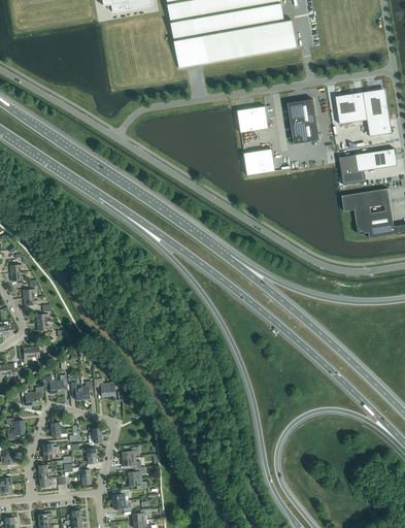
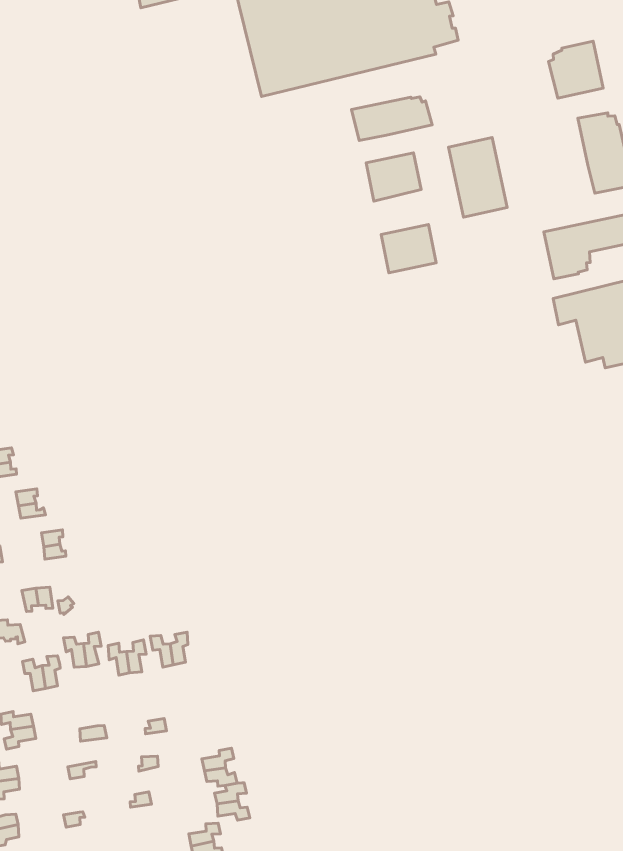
building: none -> [351,97,432,141]
building: [336,92,367,124] -> [548,41,603,98]

